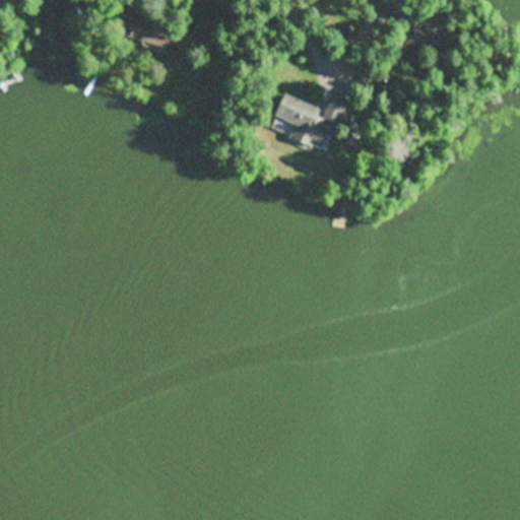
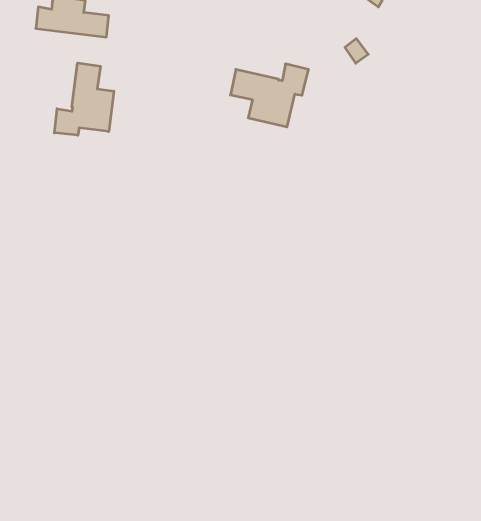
building: none -> [54,63,114,135]

